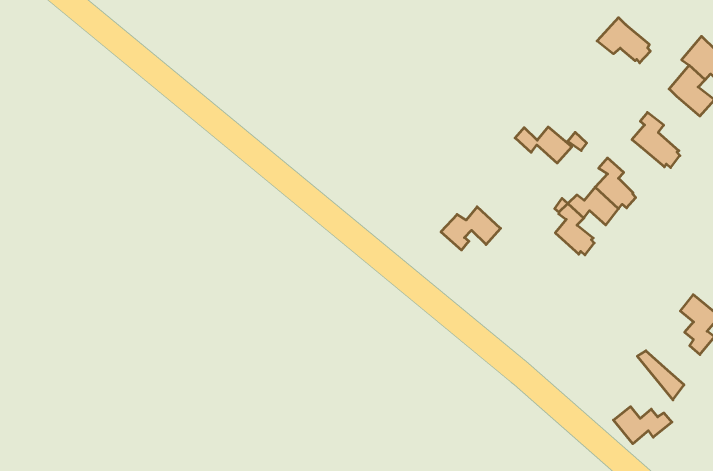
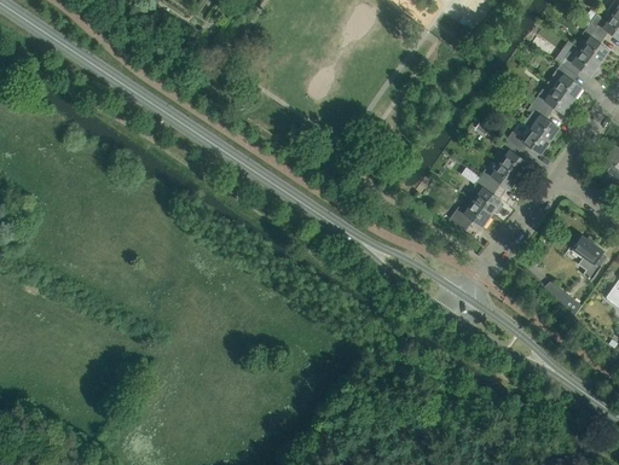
building: [597,18,650,63] -> [533,81,574,114]
building: [515,127,572,163] -> [507,127,550,153]
building: [441,207,501,250] -> [447,198,492,232]
building: [613,407,672,444] -> none

